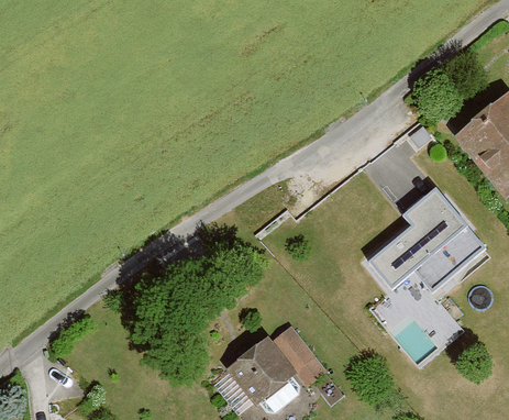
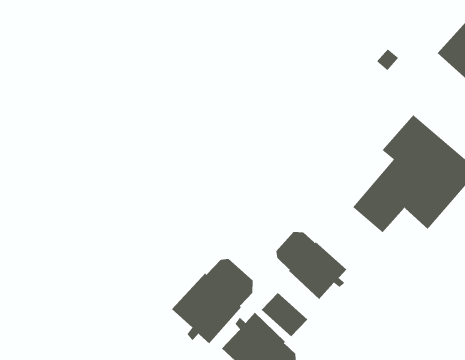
building: none -> [275,231,347,300]
building: none -> [171,258,253,344]

